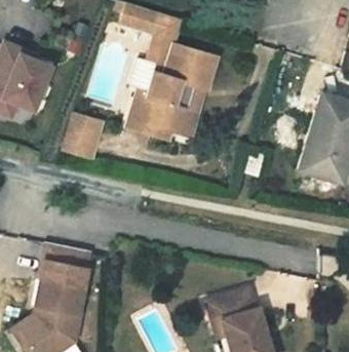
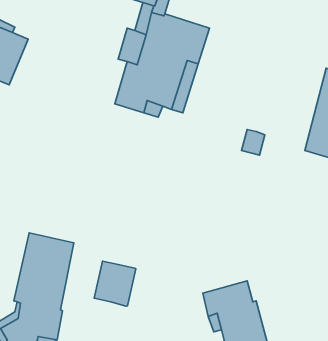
building: [62,114,102,158] -> none
building: none -> [94,261,136,306]

